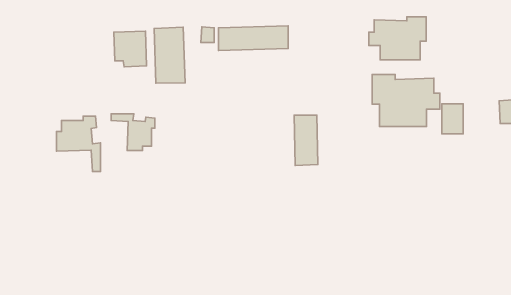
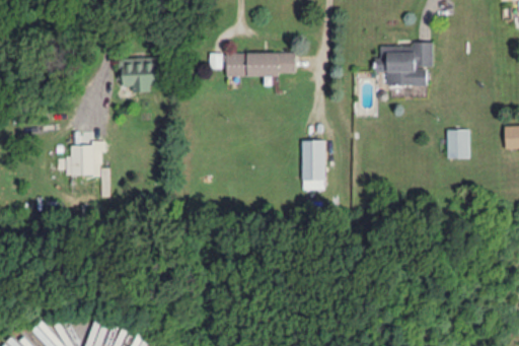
building: [154,27,185,83] -> none
building: [372,75,440,127] -> none
building: [111,114,155,150] -> none

